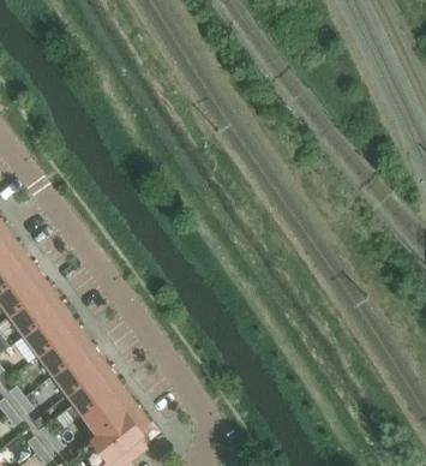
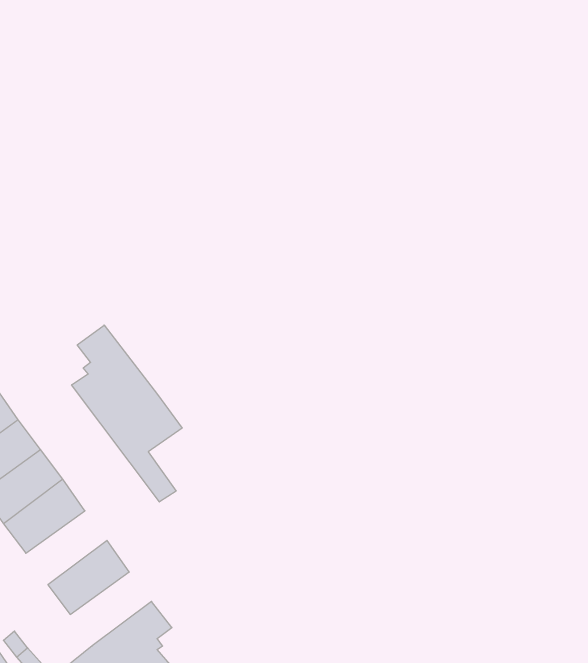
building: none -> [72,325,182,502]
building: [54,347,107,395] -> none
building: [83,387,136,435] -> none

